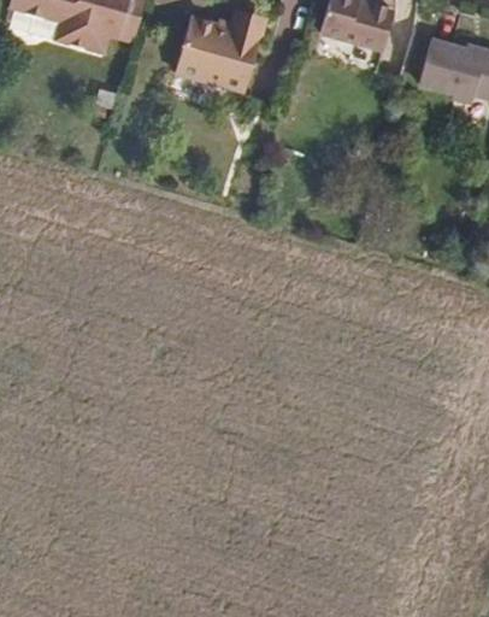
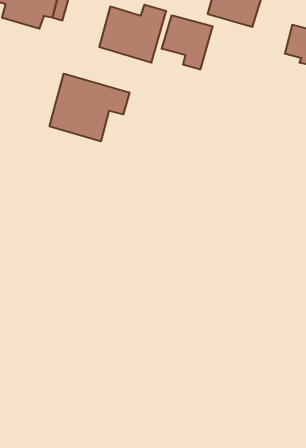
building: none -> [162,15,213,70]
building: none -> [50,74,129,141]

